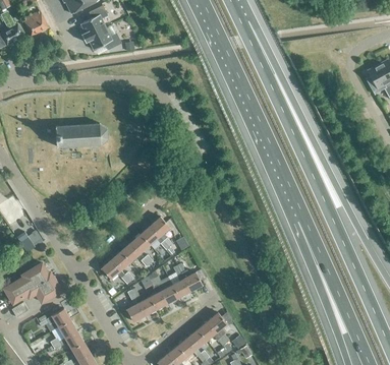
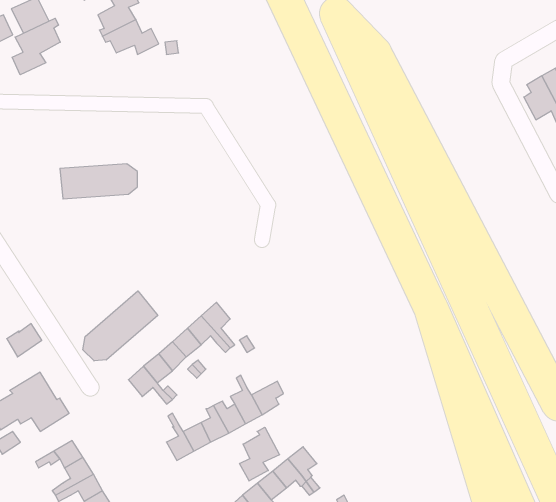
building: none -> [12,18,60,75]
building: none -> [83,291,158,361]
building: none -> [240,427,280,481]

